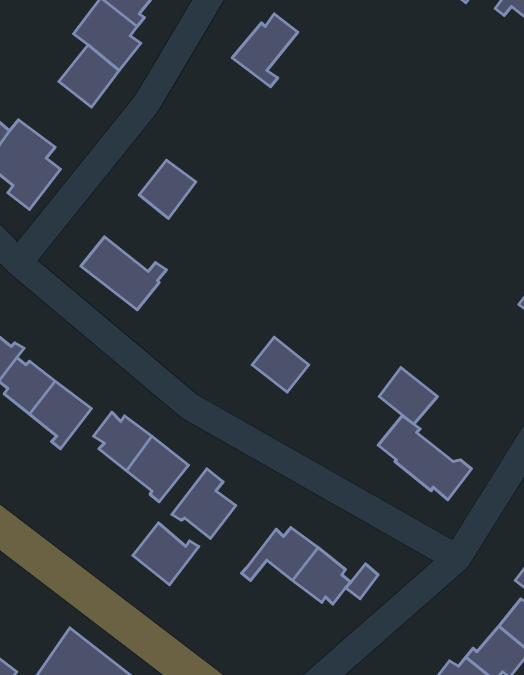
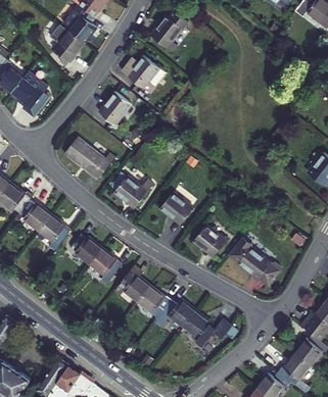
building: none -> [120,56,162,94]
building: none -> [116,178,155,209]
building: [379,367,437,424] -> [197,225,230,256]
building: [133,523,199,585] -> [136,286,173,320]

